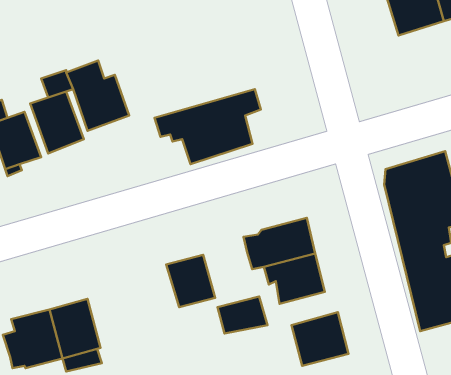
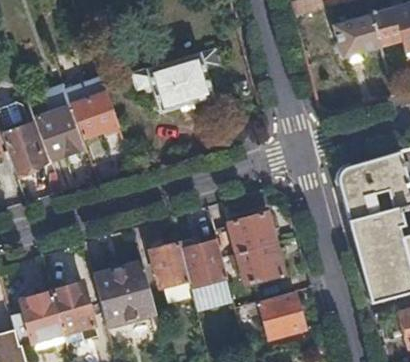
building: [155,89,261,164] -> [133,48,222,111]
building: none -> [183,240,230,286]
building: none -> [96,264,159,328]

